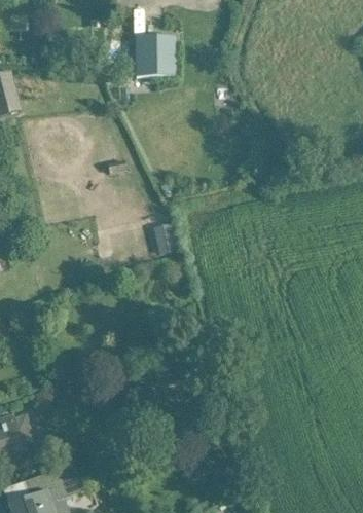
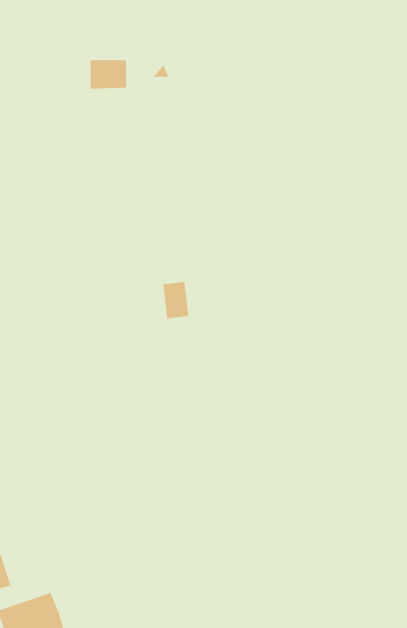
building: [142,32,171,54] -> [90,60,127,89]

